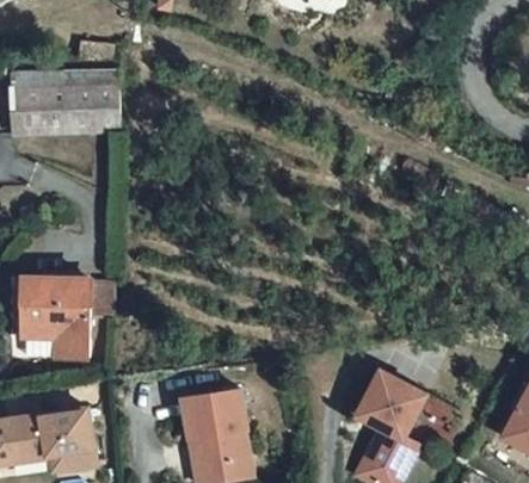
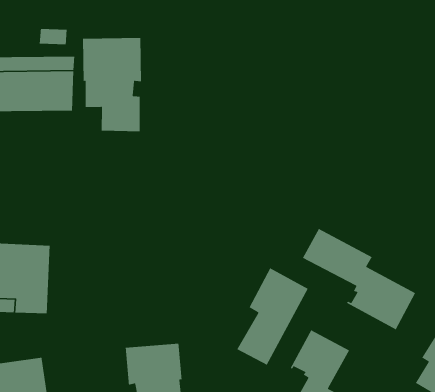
building: none -> [82,37,142,132]
building: none -> [302,228,416,330]
building: none -> [236,267,309,366]

